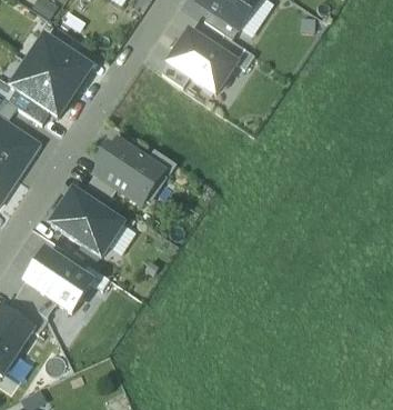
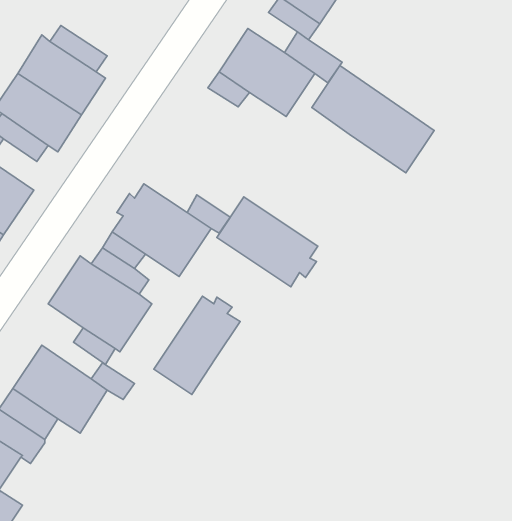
building: none -> [312,65,434,173]
building: none -> [217,197,318,287]
building: none -> [154,296,240,394]

